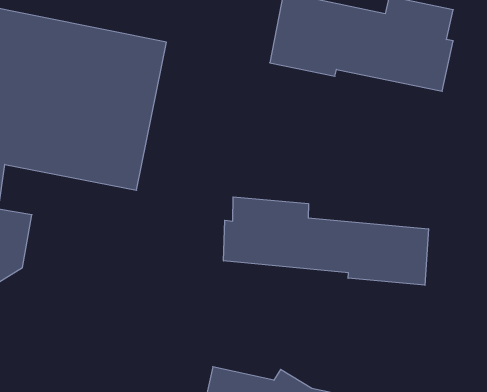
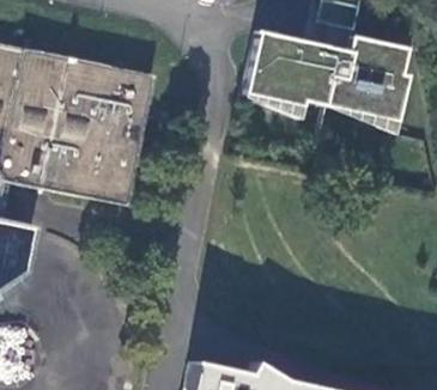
building: [224,197,428,285] -> none

